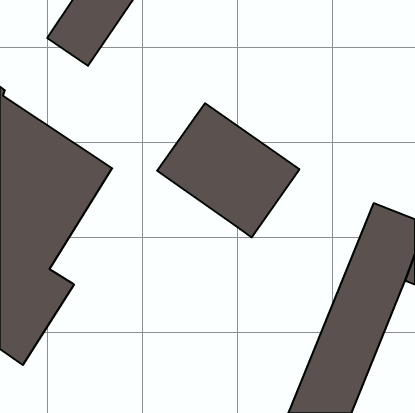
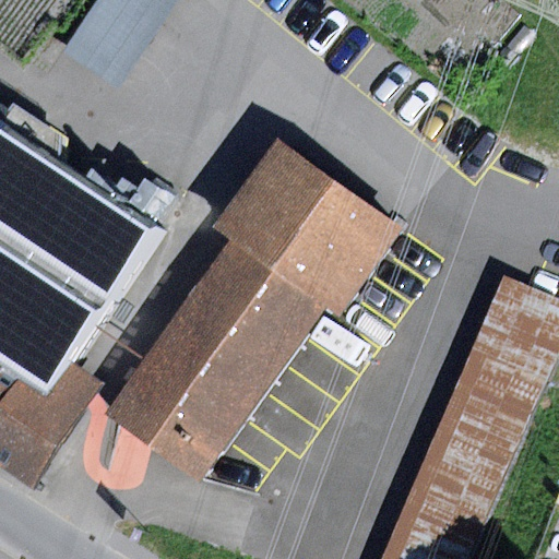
building: none -> [107,242,322,480]

